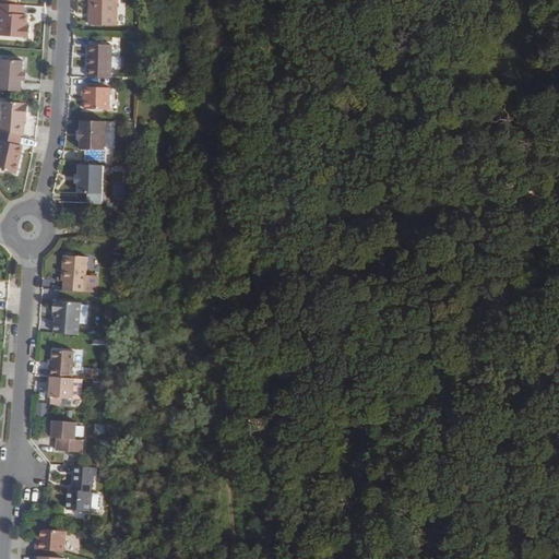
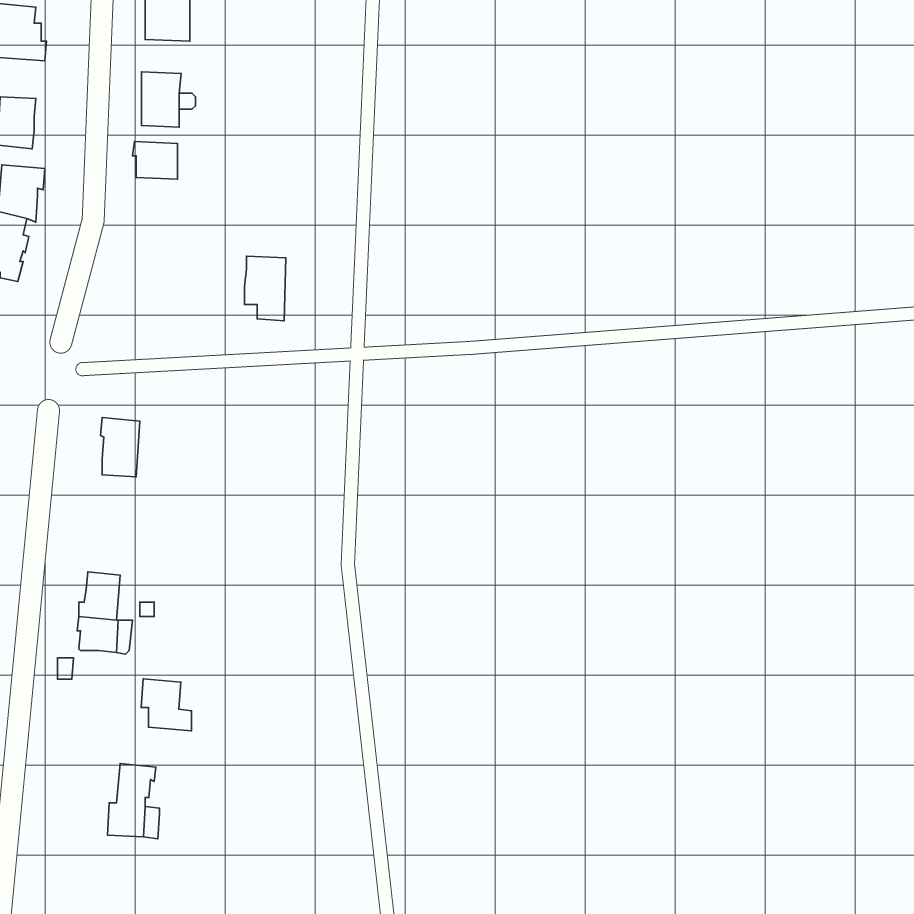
building: [78,120,104,158] -> none
building: [76,164,102,203] -> [245,256,286,321]
building: [52,300,80,334] -> none
building: [51,419,82,451] -> [141,679,191,731]
building: [34,528,64,550] -> none

